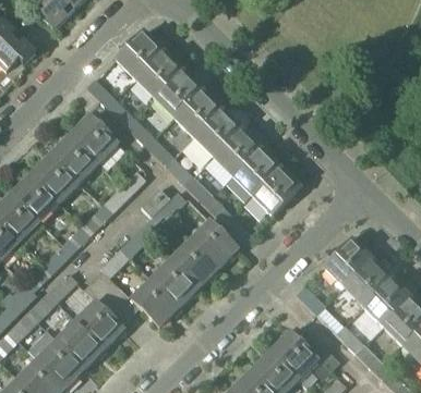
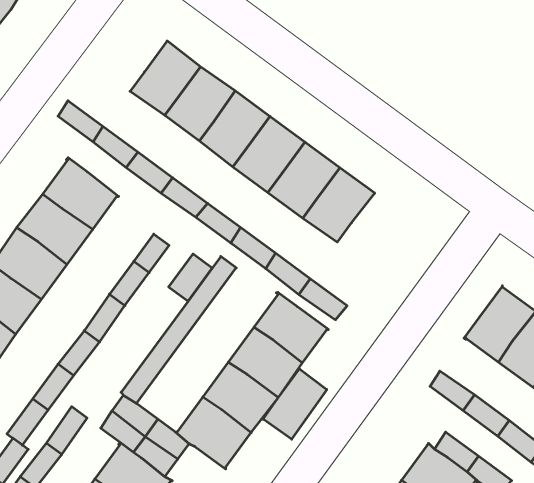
building: [113,30,163,79] -> none
building: [251,168,299,216] -> none
building: none -> [263,369,327,439]

